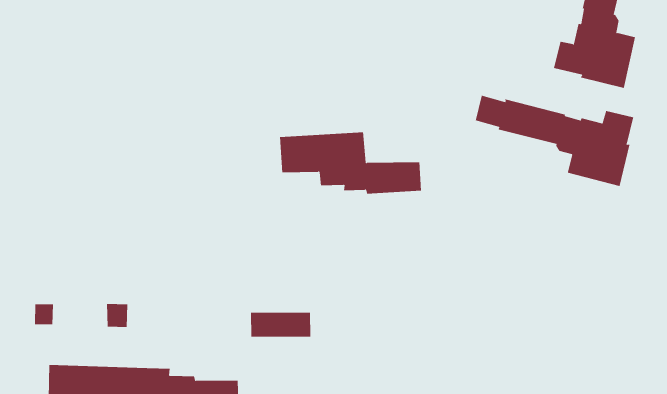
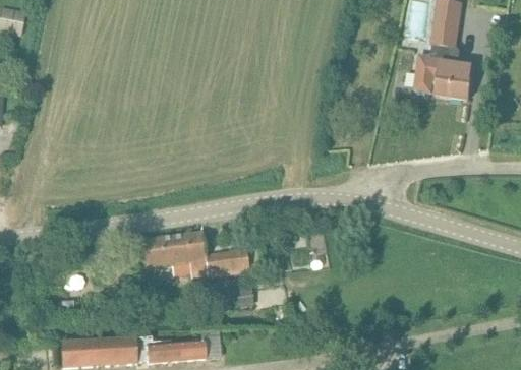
building: [475,95,634,187] -> none
building: [279,132,422,194] -> [138,231,247,276]

